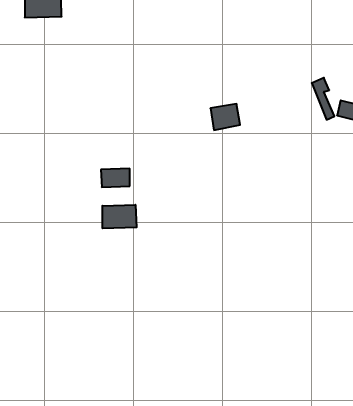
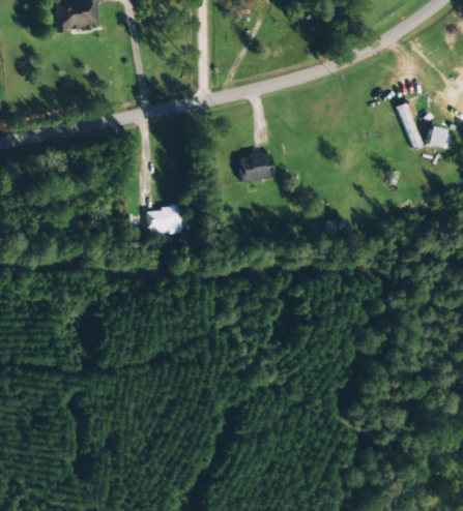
building: [210,104,240,130] -> [239,152,274,183]
building: [102,205,137,228] -> none

